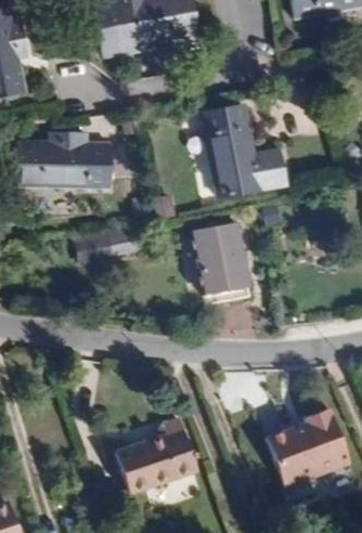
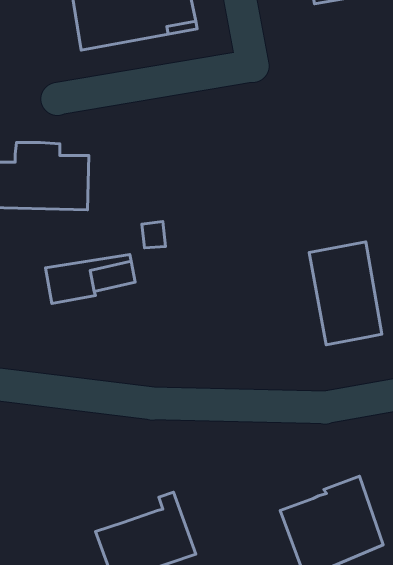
building: [203,103,286,196] -> none
building: [192,221,251,306] -> [309,242,382,345]

